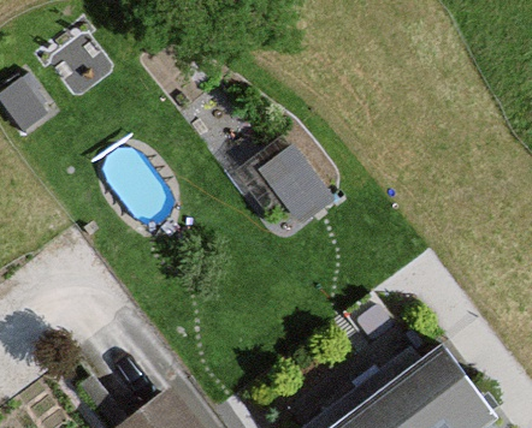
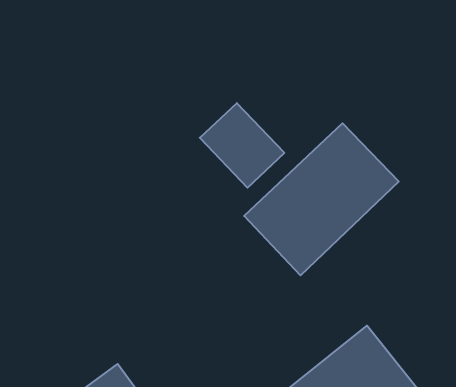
building: none -> [244,123,399,275]

